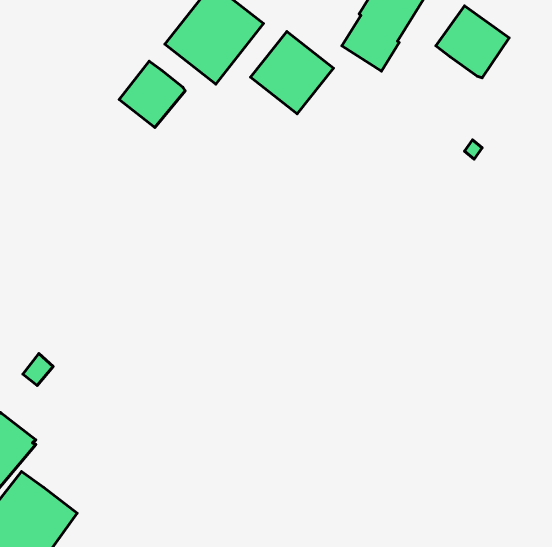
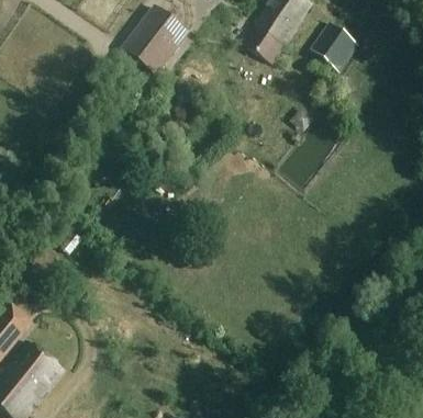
building: [251,31,334,114] -> none
building: [119,61,185,128] -> none

